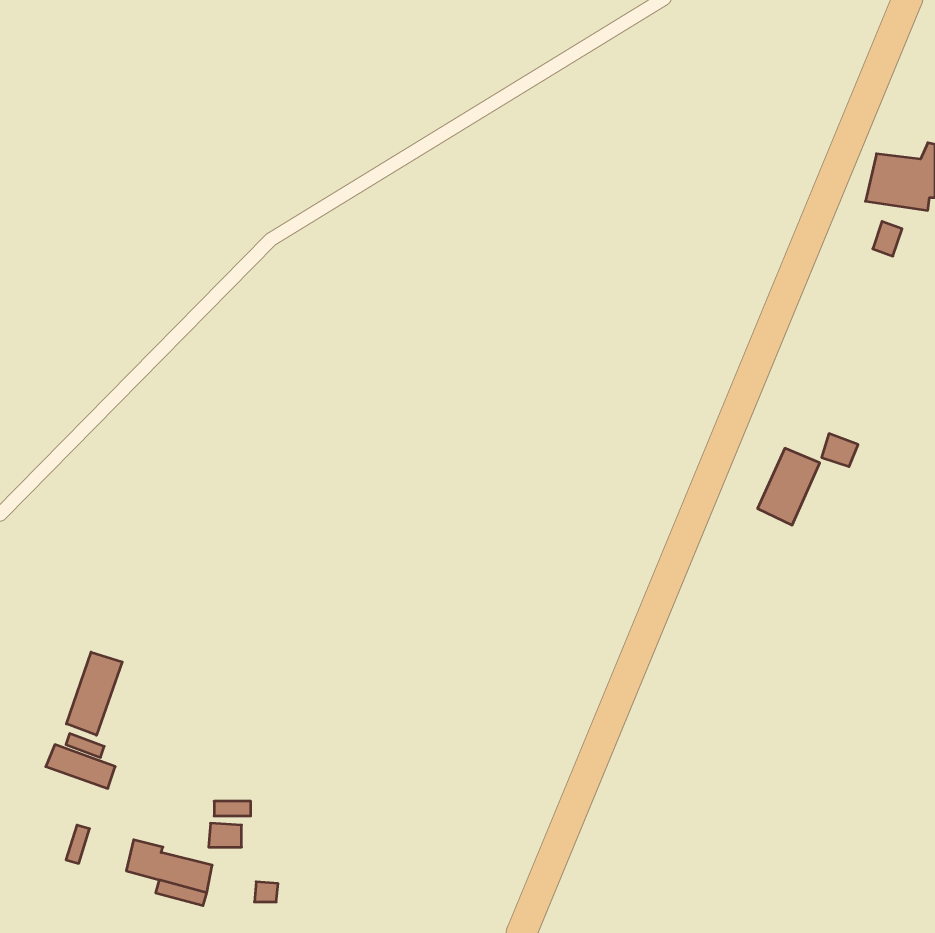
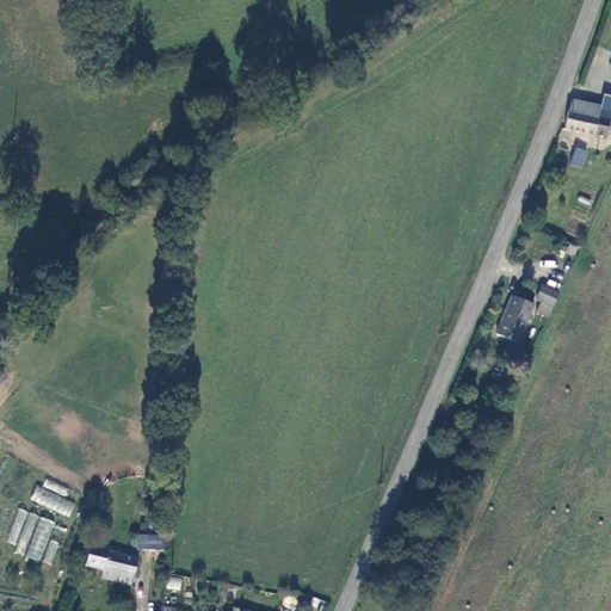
building: [66,652,122,735] -> none
building: none -> [7,508,54,561]

